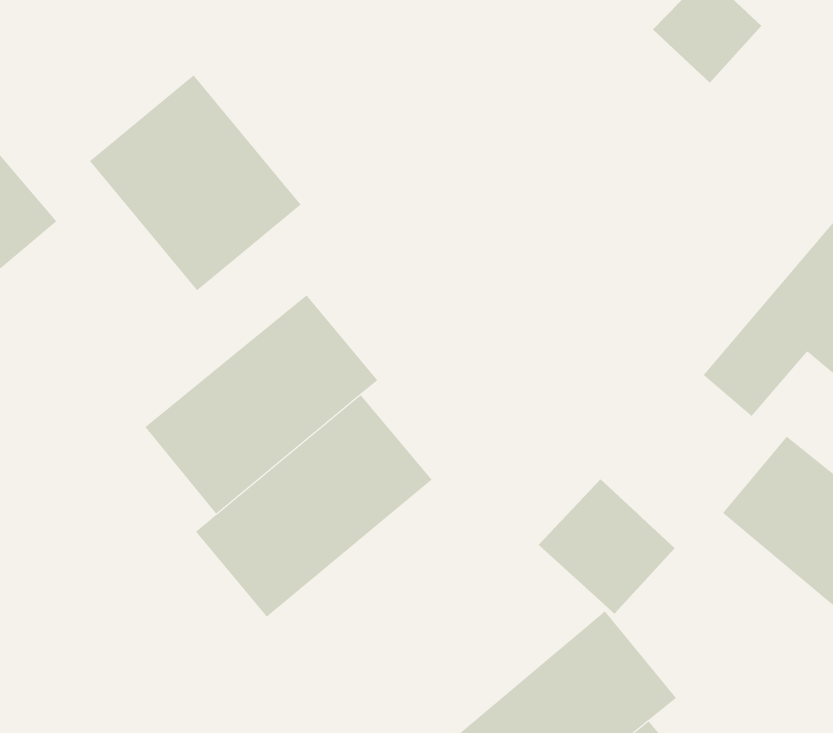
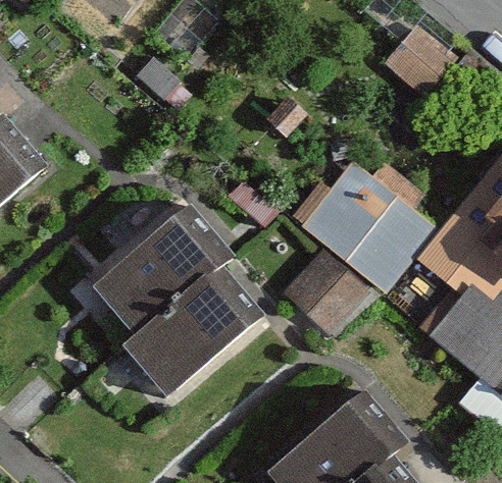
building: [89,75,301,291] -> none
building: none -> [303,145,445,284]
building: [538,478,676,615] -> [284,253,364,332]

